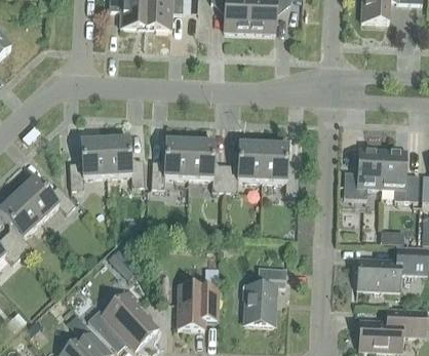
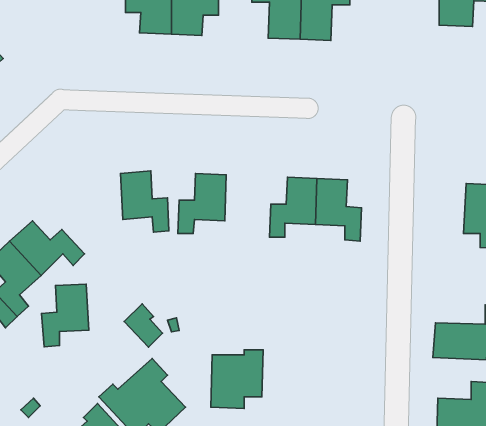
building: [69,140,107,190] -> [42,284,89,347]
building: [189,141,226,191] -> none
building: [343,147,383,198] -> none
building: [242,267,286,325] -> none

